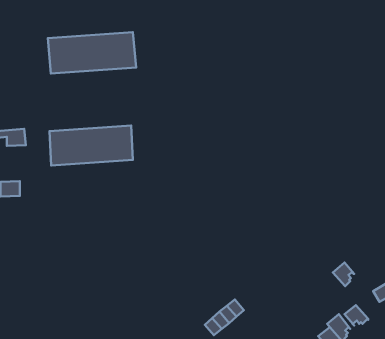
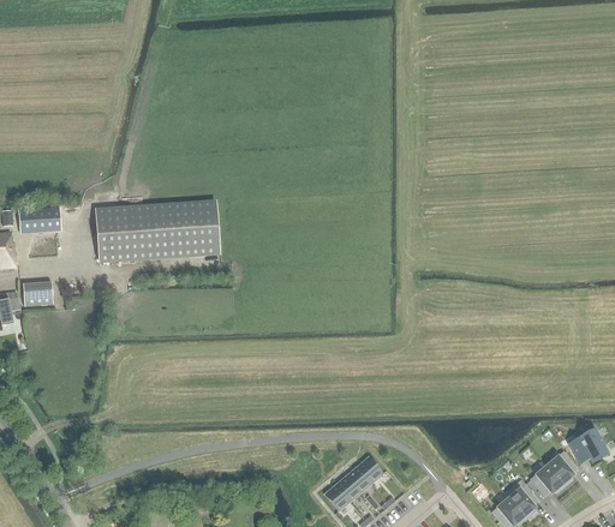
building: [48,32,136,73] -> none
building: [333,263,354,286] -> [545,450,577,485]

